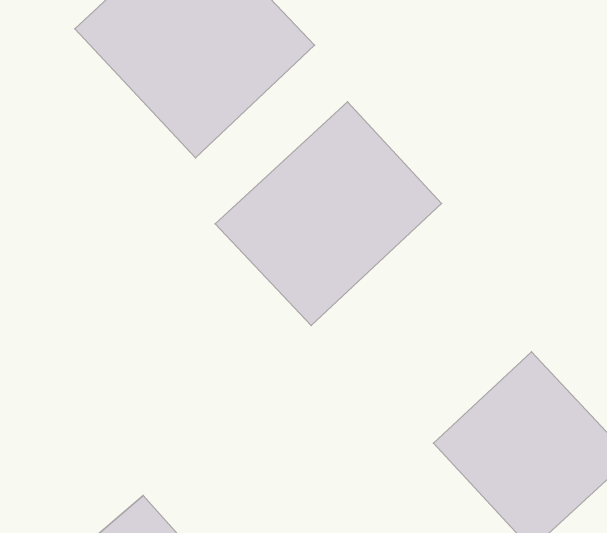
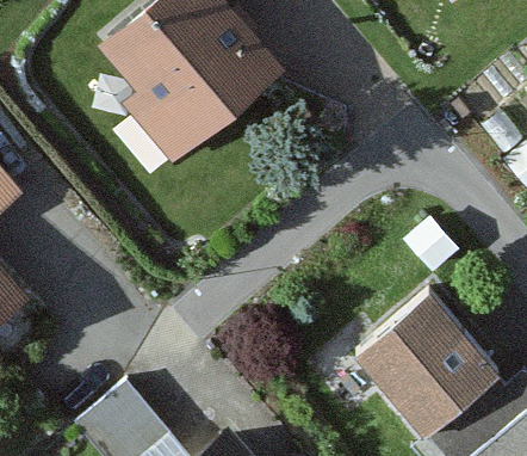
building: [215,102,441,326] -> none

